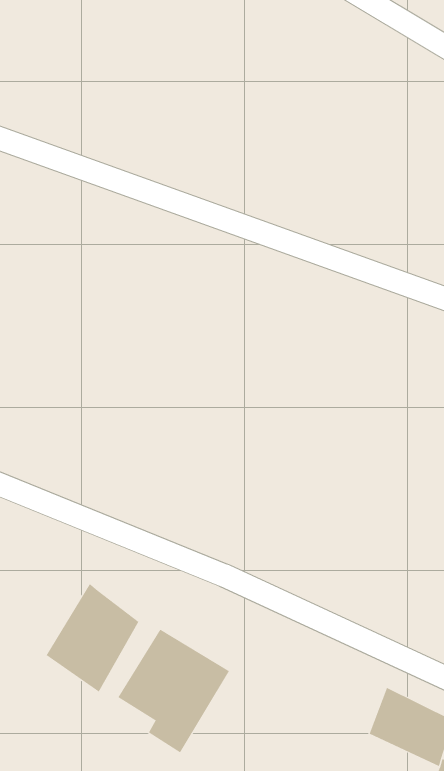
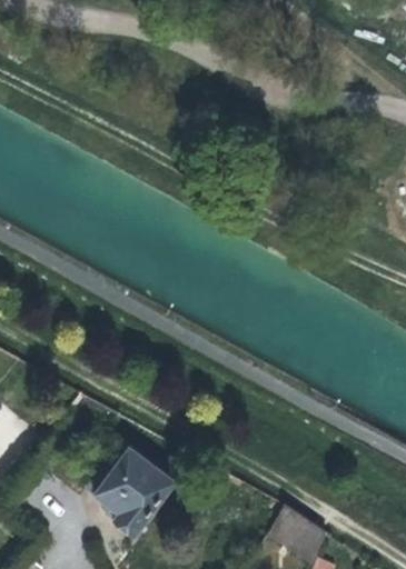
building: [46,583,139,692] -> none

